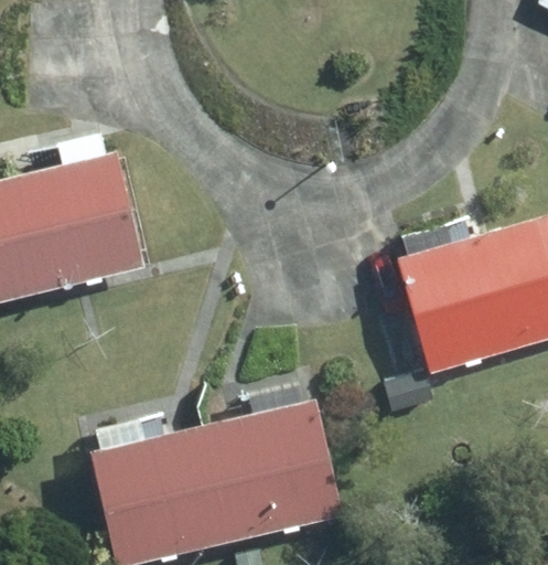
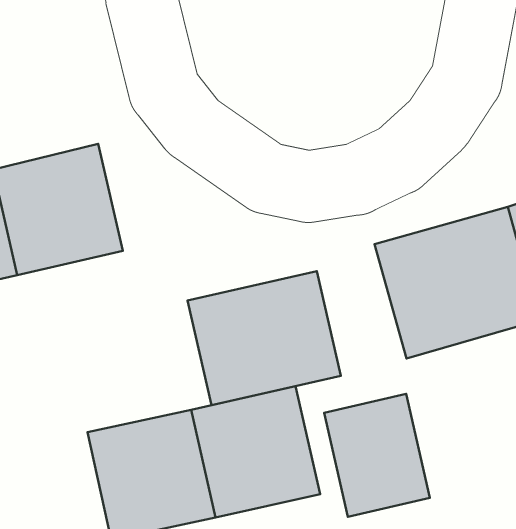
building: none -> [187,271,341,405]
building: none -> [324,394,430,517]

